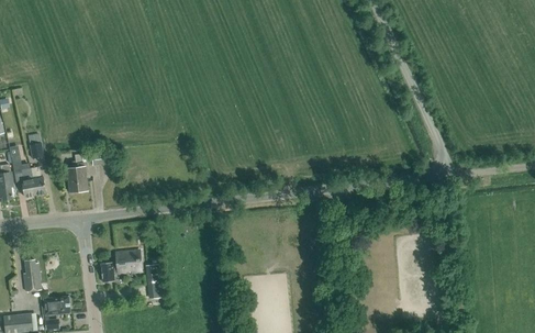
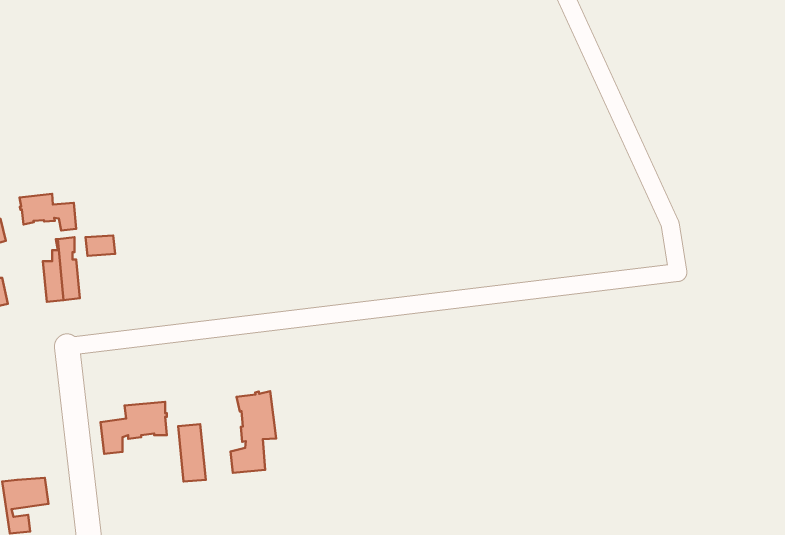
building: none -> [19,194,76,230]
building: none -> [230,391,276,473]

